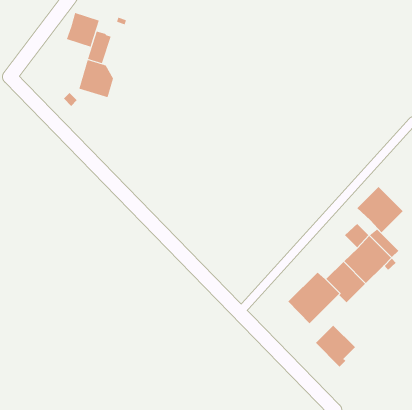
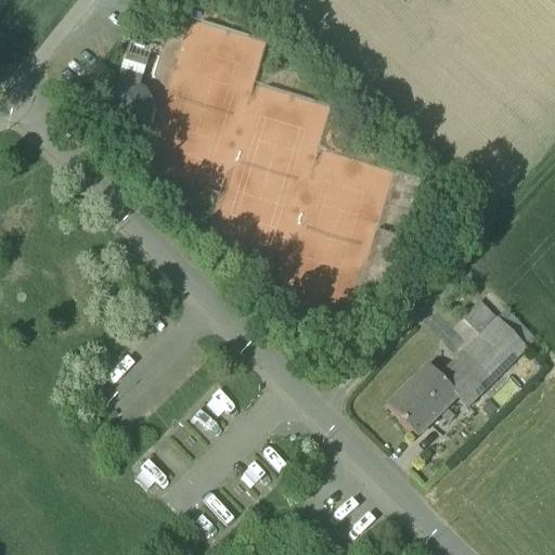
building: [66,12,99,47] -> none
building: [357,186,403,233] -> none
building: [315,325,356,367] -> none

